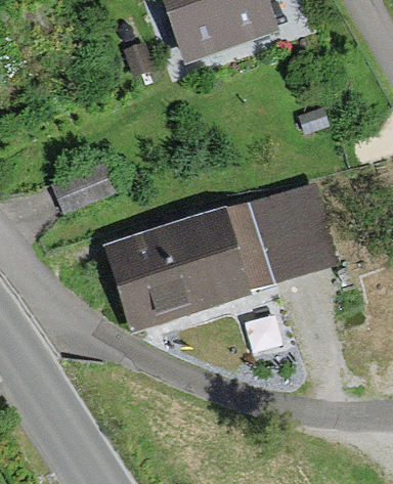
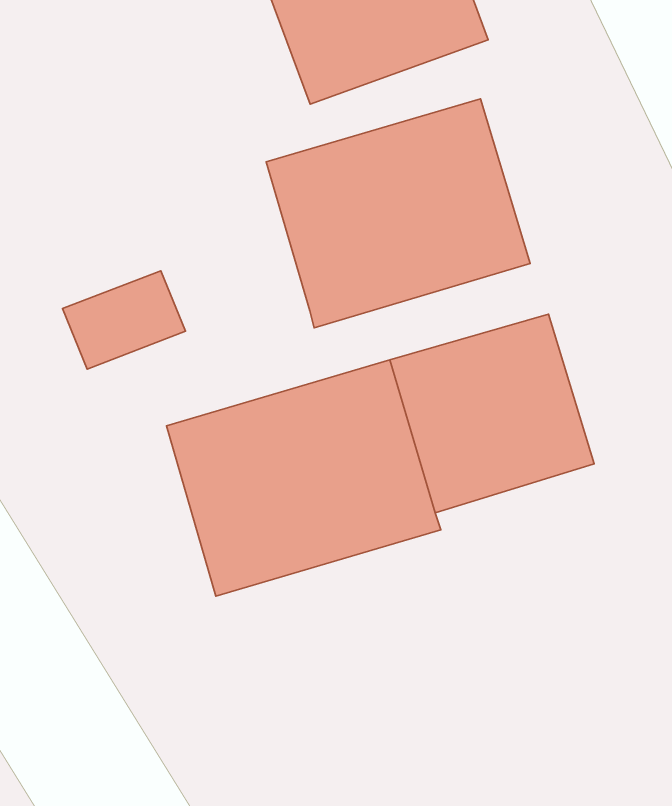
building: none -> [266,99,530,328]

